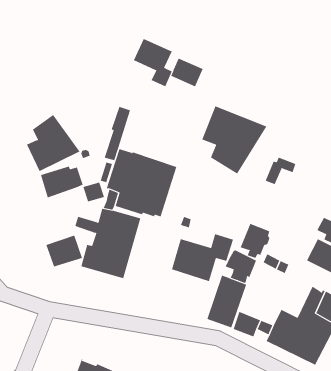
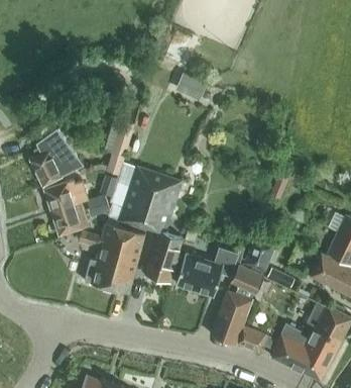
building: [133,38,172,87] -> none
building: [202,105,267,174] -> none
building: none -> [145,230,183,283]
building: [46,235,83,267] -> [51,203,89,235]

